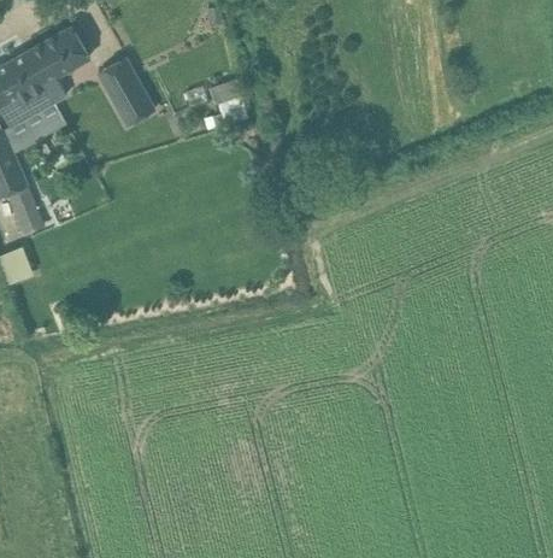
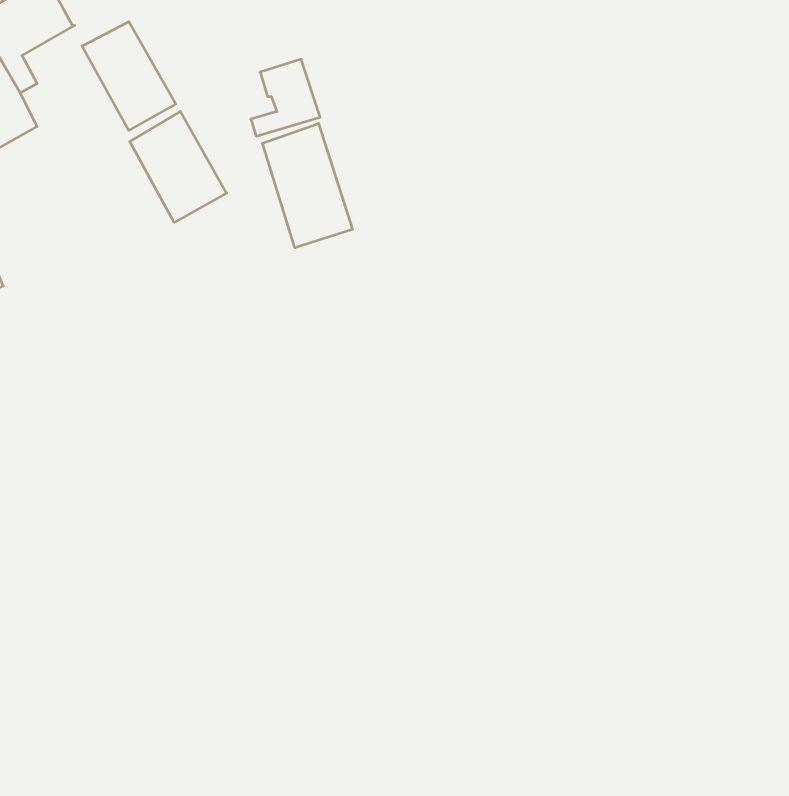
building: none -> [130,111,227,222]
building: none -> [262,123,353,248]

